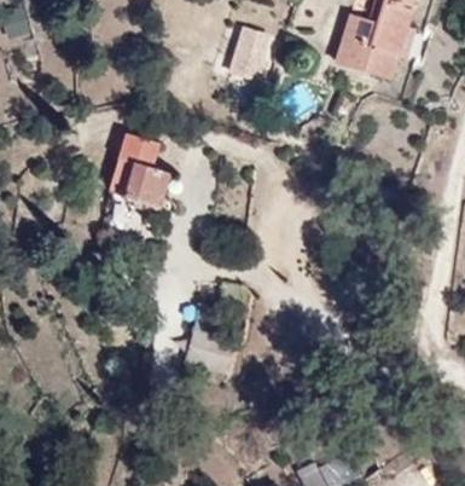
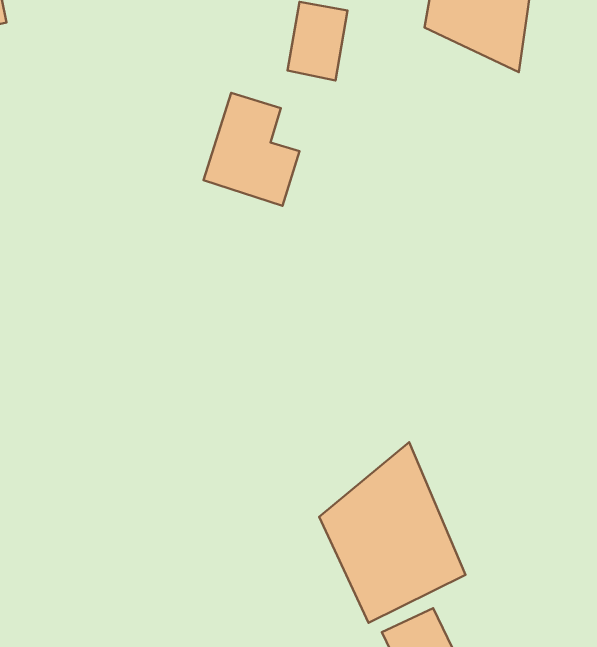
building: [109,134,176,214] -> [204,93,300,206]
building: none -> [319,442,466,623]

